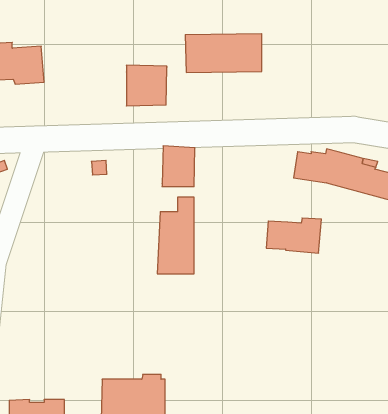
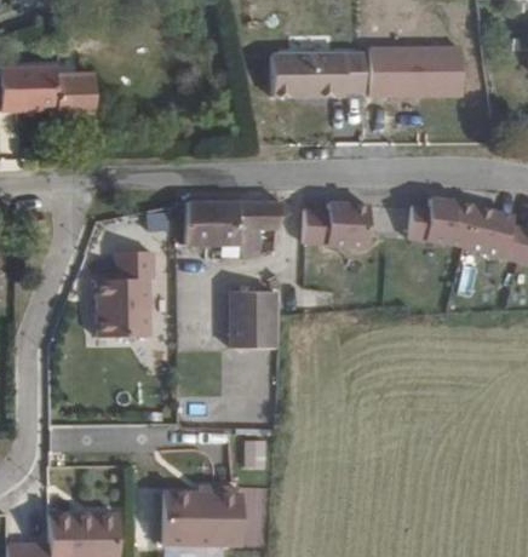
building: none -> [368,47,463,103]
building: [126,65,167,106] -> [190,193,241,243]
building: none -> [98,252,155,337]
building: [266,218,321,253] -> [299,201,368,245]

